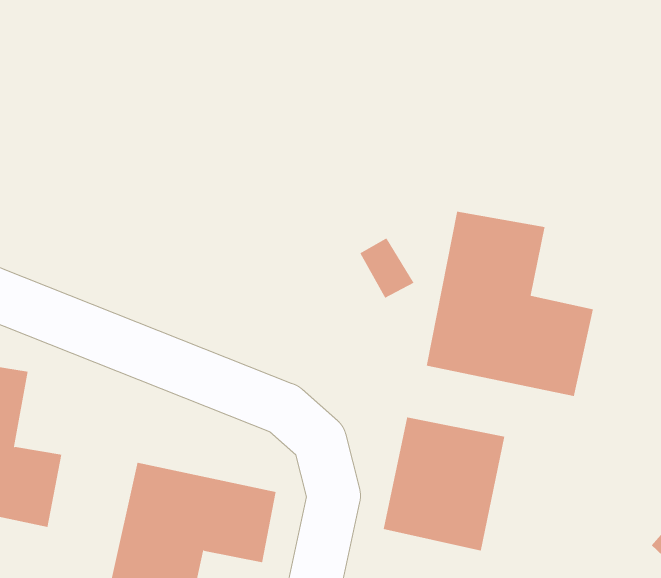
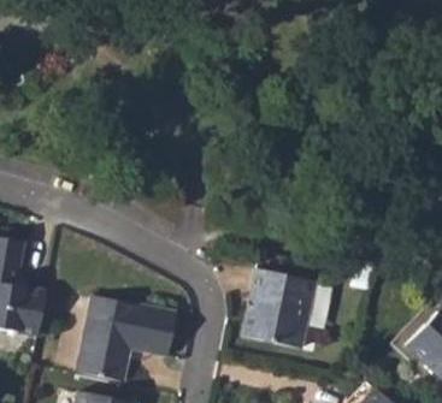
building: [426,211,594,397] -> none

